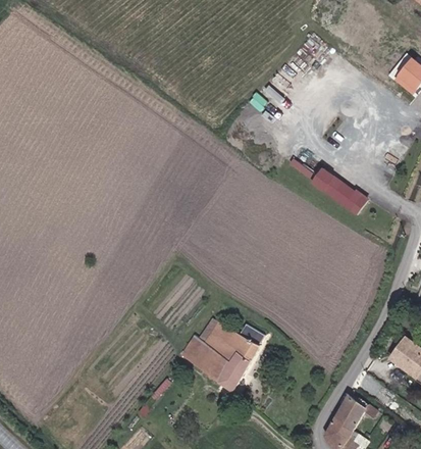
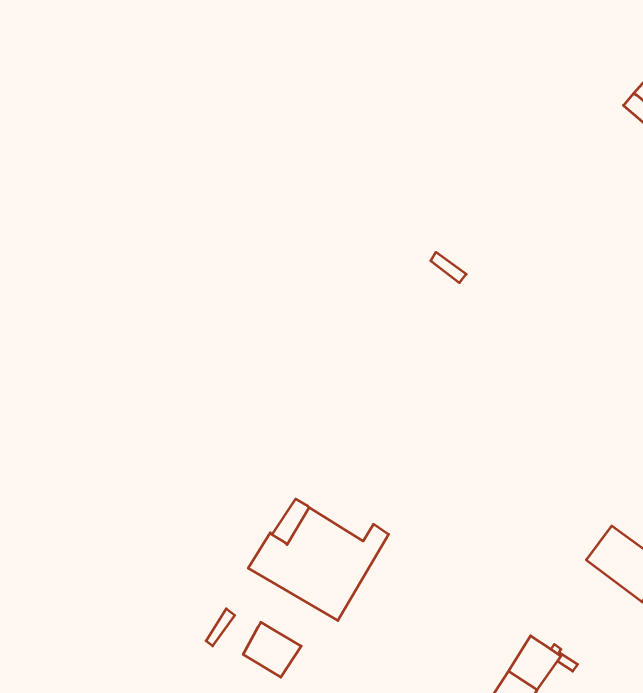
building: [309,172,367,220] -> none
building: none -> [243,622,301,677]

